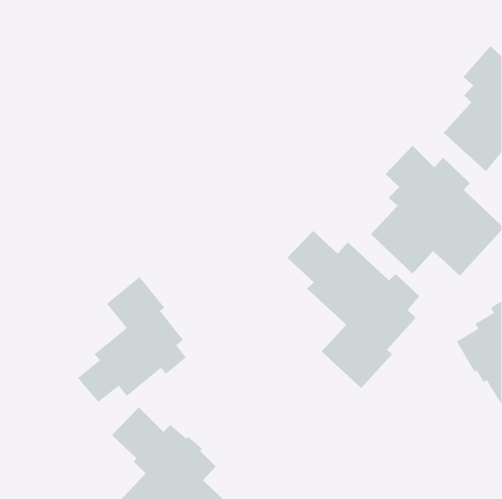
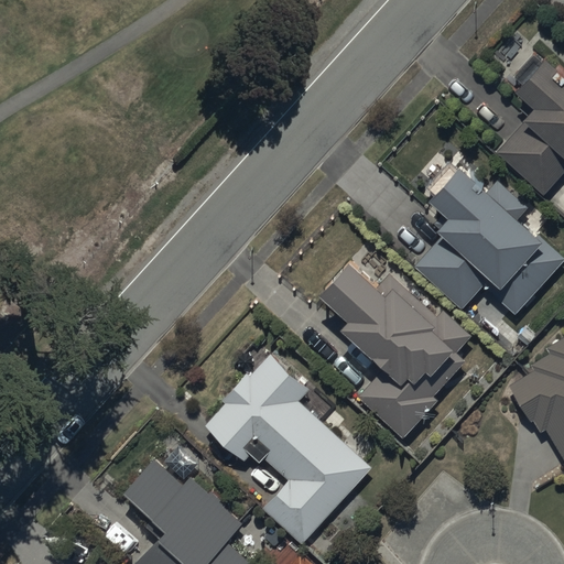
building: [77,276,187,403] -> none
building: none -> [206,357,371,546]

